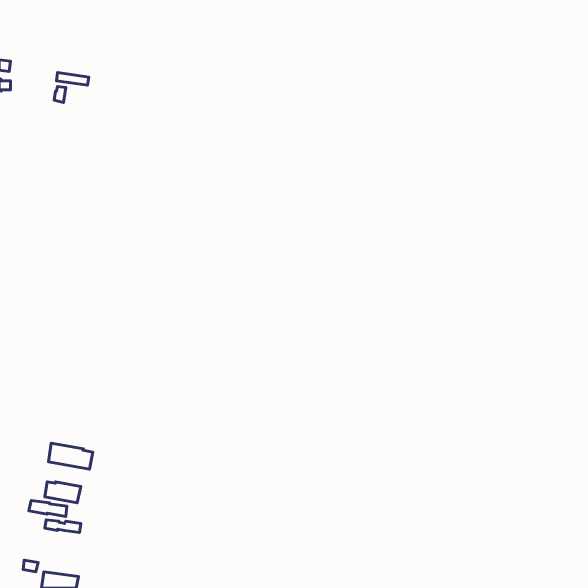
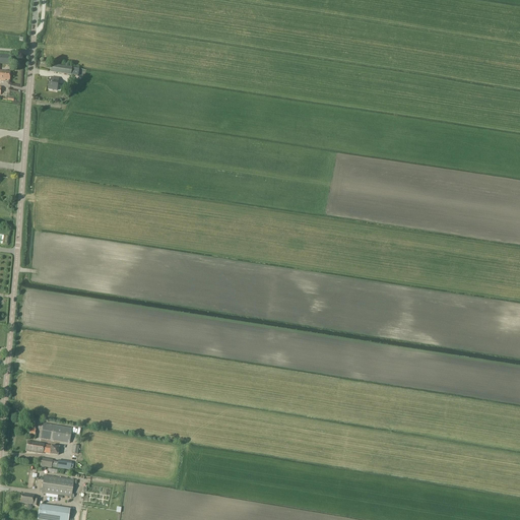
building: [49,443,93,469] -> none
building: none -> [41,475,73,497]

